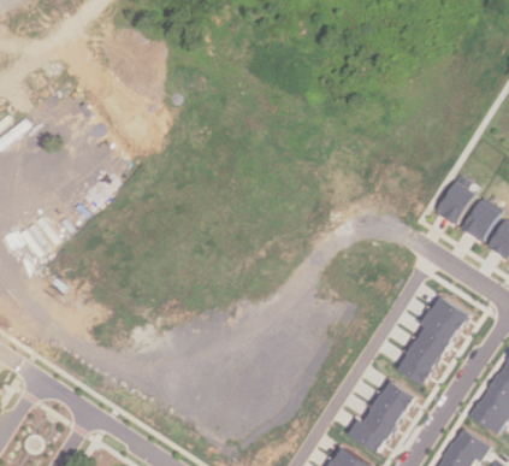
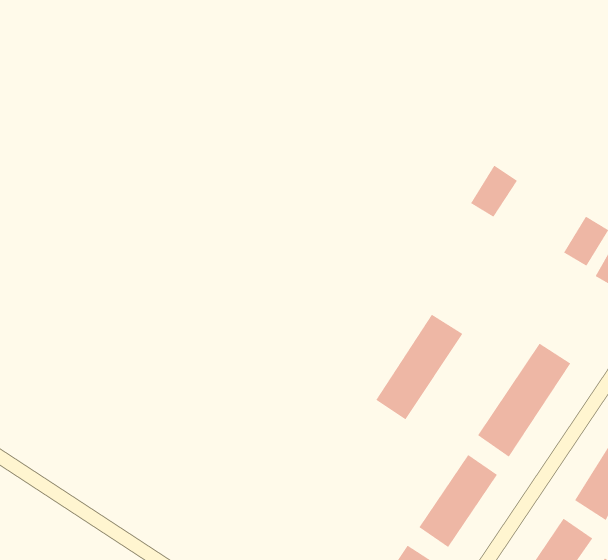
building: [436,182,472,222] -> [470,165,518,217]
building: none -> [376,314,463,420]

